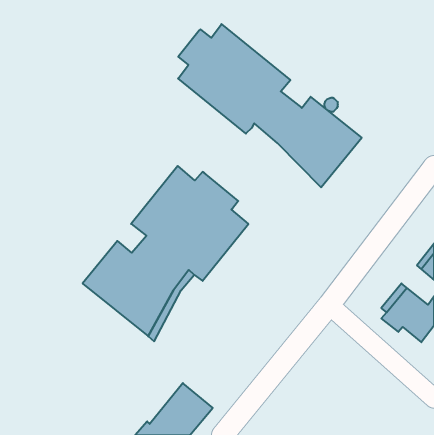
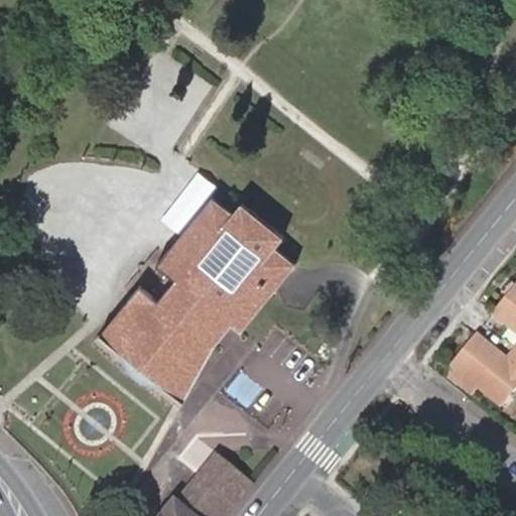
building: [178,24,362,187] -> none

